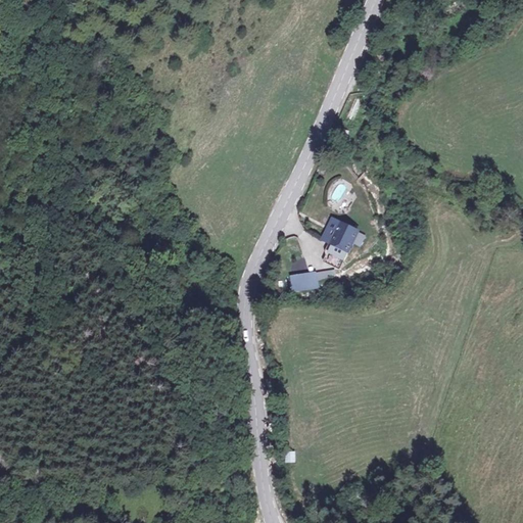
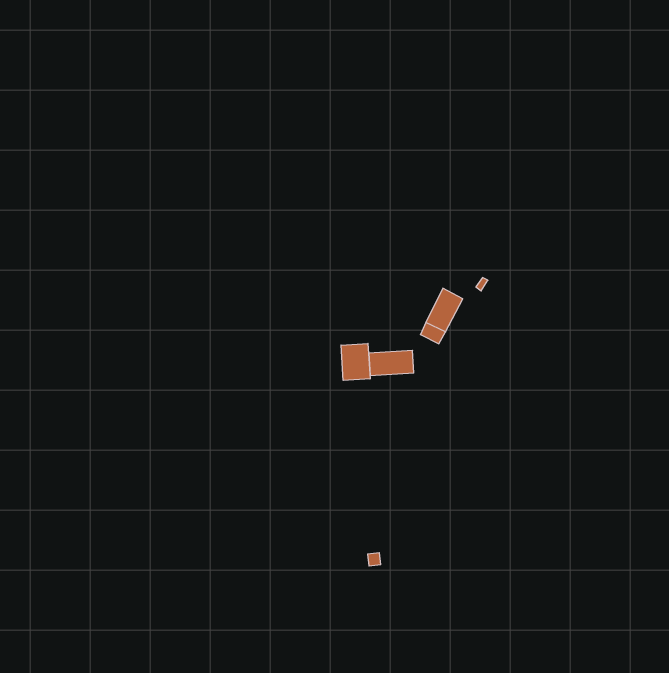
building: none -> [341,343,370,380]

